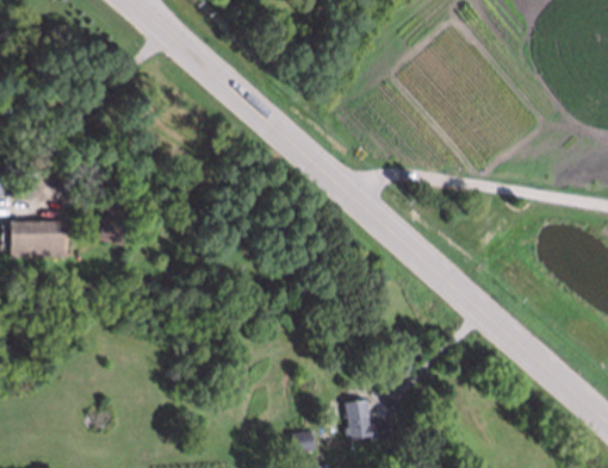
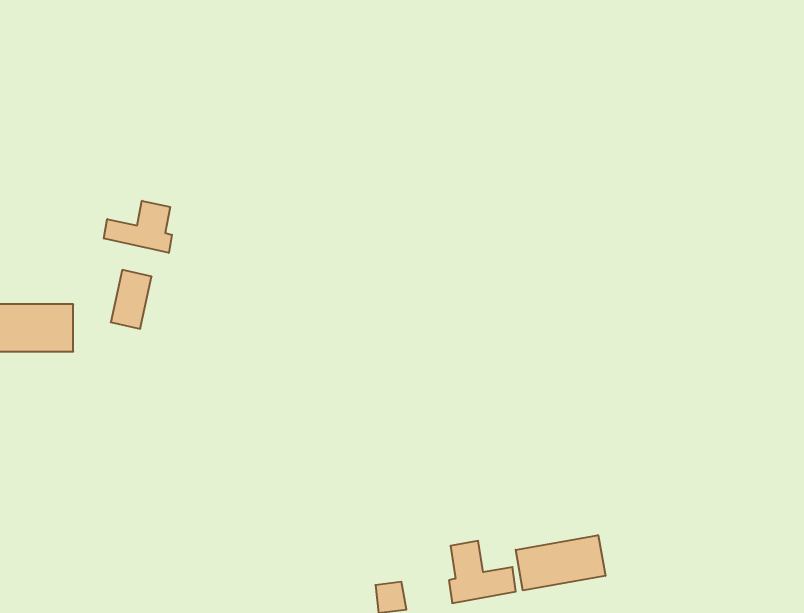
building: none -> [104,201,172,253]
building: none -> [516,535,605,590]

